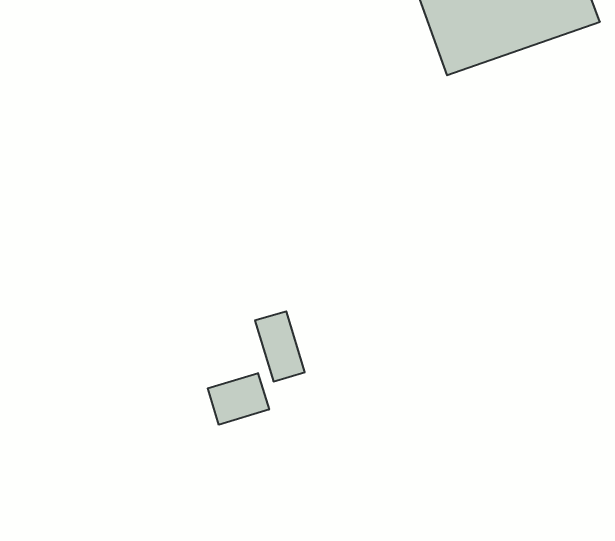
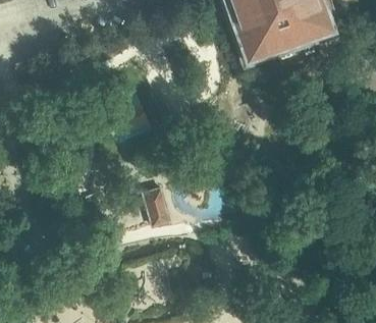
building: [208,373,269,425] -> none

